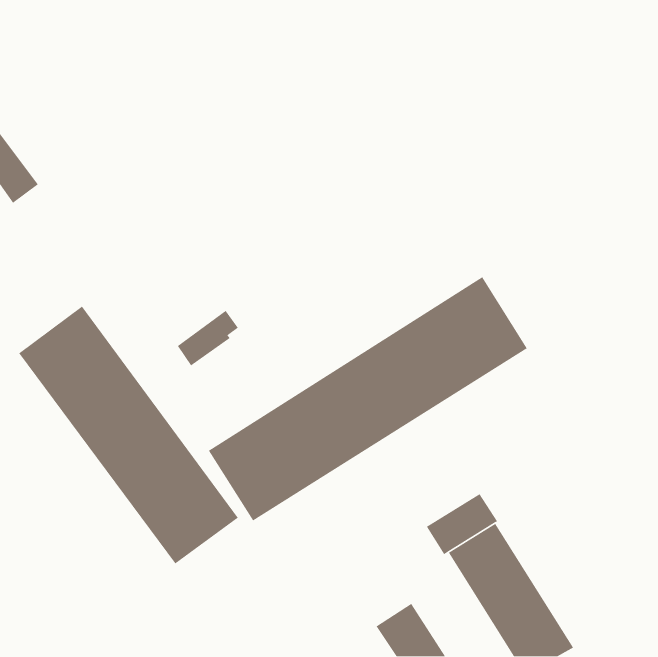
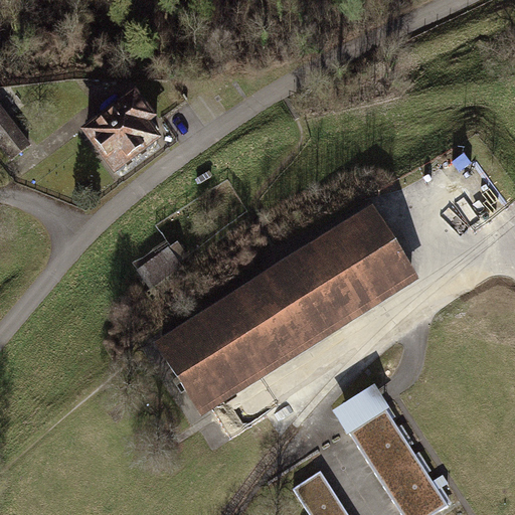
building: none -> [87,96,156,169]
building: [18,305,239,565] -> none

